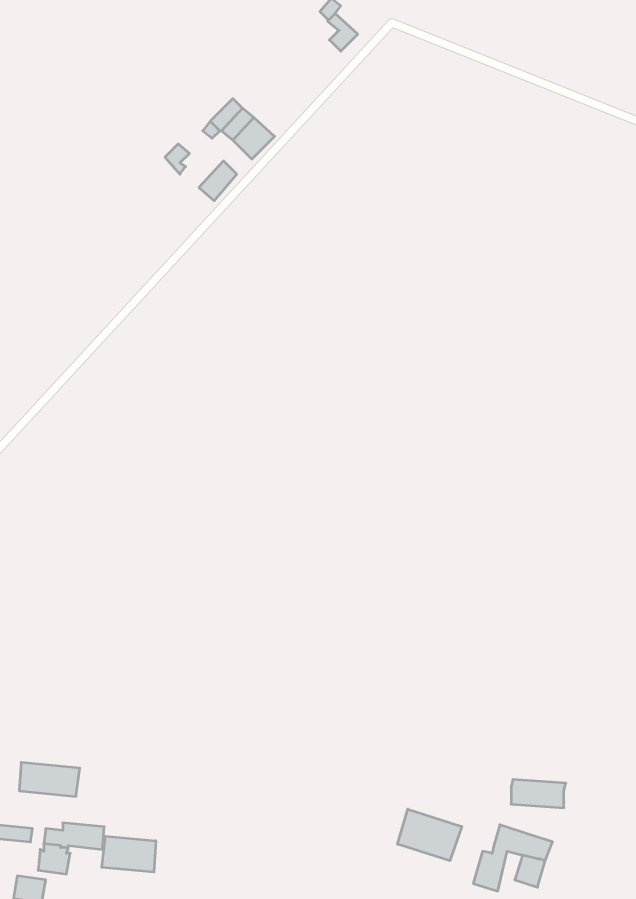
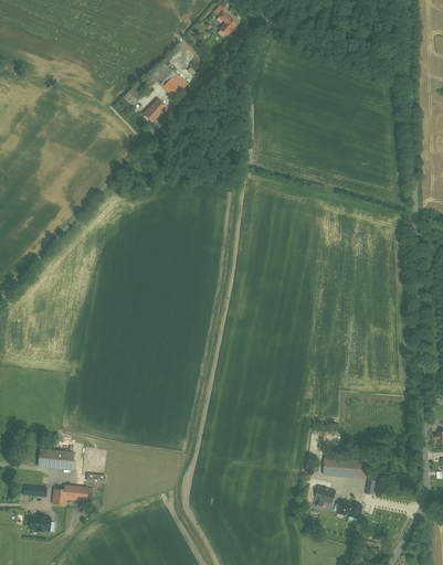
building: [398,809,462,861] -> none
building: [102,836,156,872] -> none

